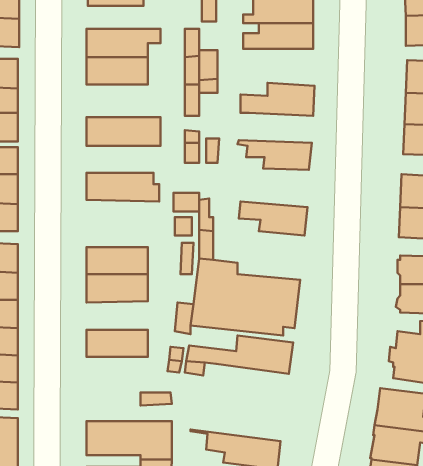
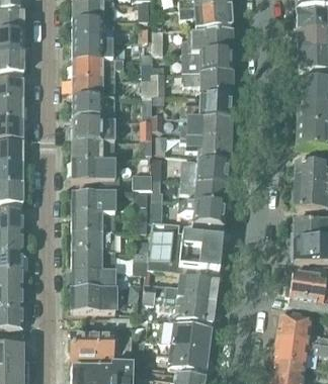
building: none -> [71,41,124,58]
building: none -> [182,72,233,93]
building: none -> [71,97,114,116]
building: none -> [179,117,232,138]
building: none -> [71,140,118,160]
building: none -> [180,161,229,184]
building: none -> [71,192,114,212]
building: none -> [177,200,226,223]
building: none -> [71,251,114,271]
building: none -> [68,290,114,310]
building: none -> [162,295,215,320]
building: none -> [145,320,212,350]

